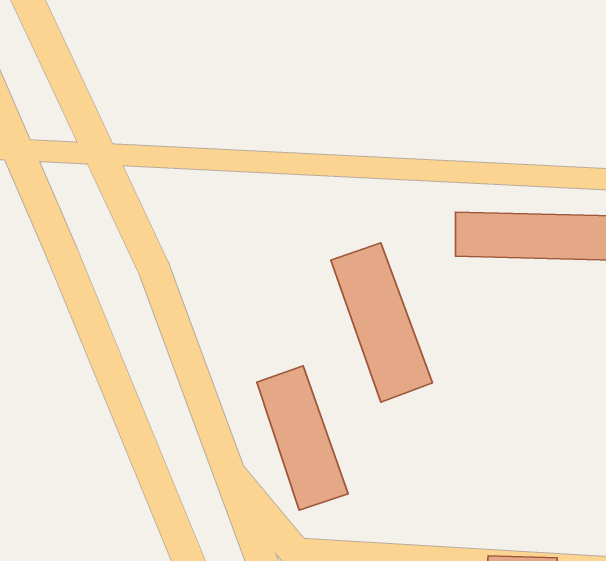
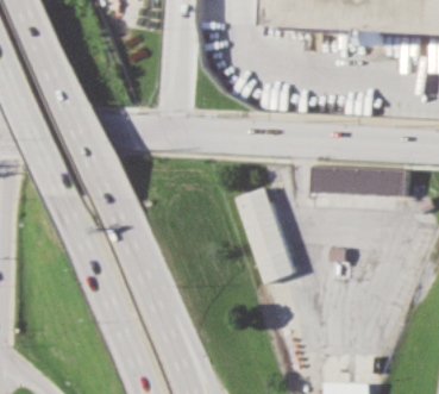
building: [257,366,348,510] -> none

